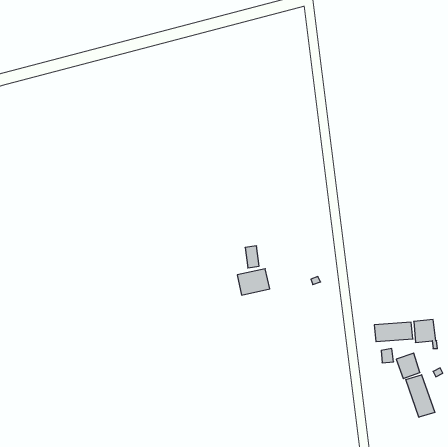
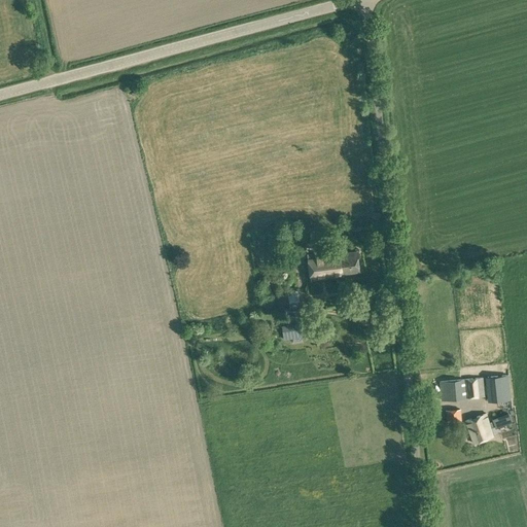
building: none -> [307,252,359,282]
building: [406,375,435,417] -> none

